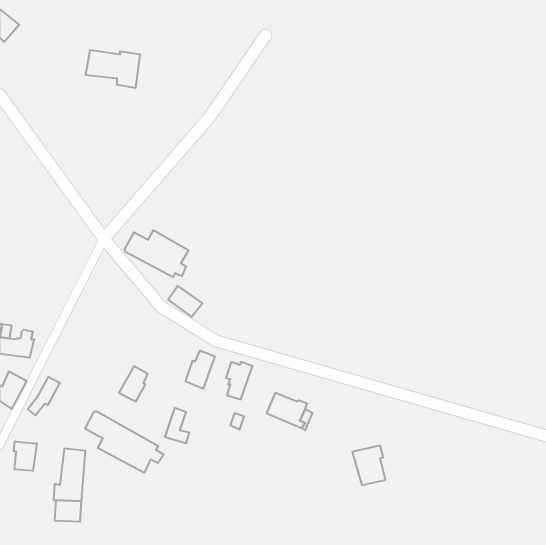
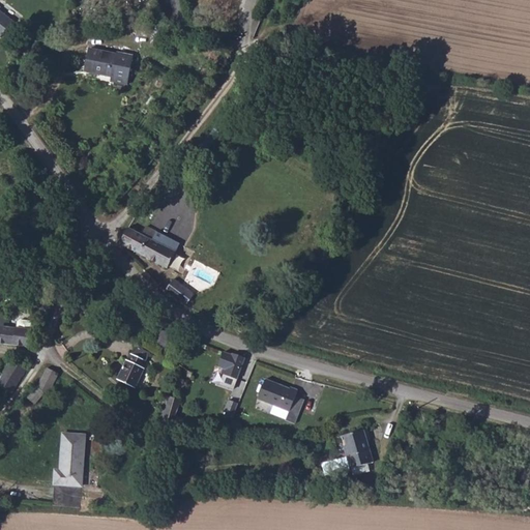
building: [186,351,215,389] -> none
building: [85,411,164,473] -> none
building: [14,441,37,471] -> none

